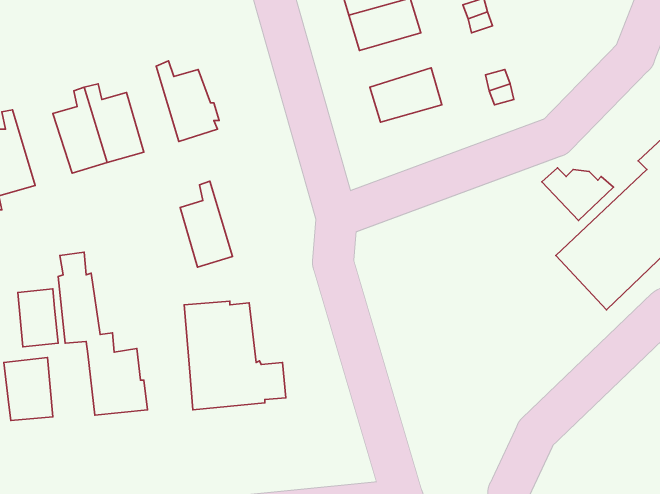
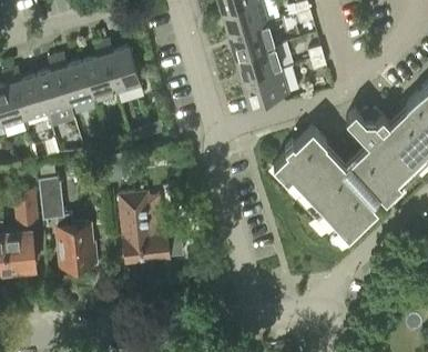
building: none -> [230,26,275,60]
building: none -> [243,68,298,105]
building: none -> [10,71,48,122]
building: [180,181,233,267] -> [82,47,115,101]
building: none -> [273,130,378,241]

